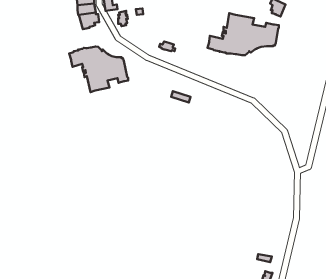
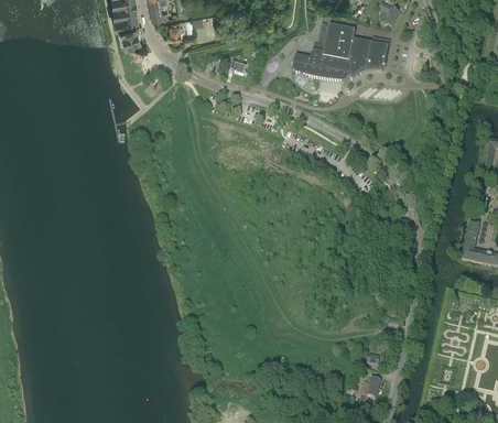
building: [69,47,128,92] -> none

